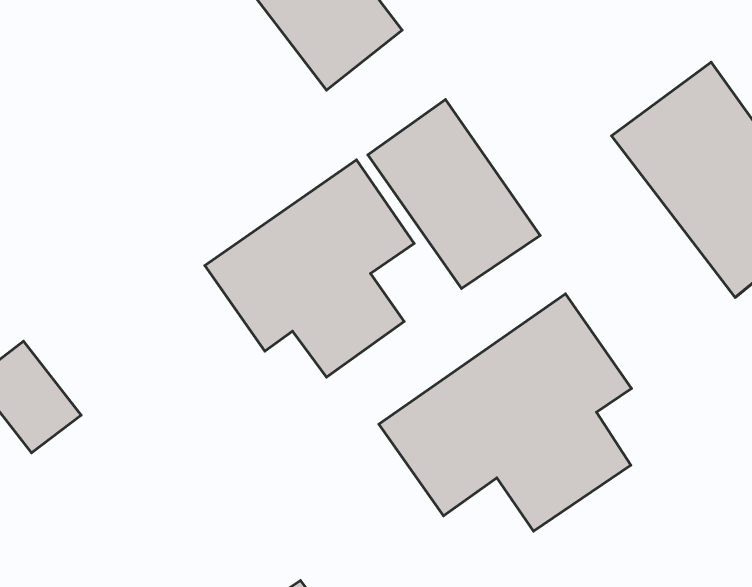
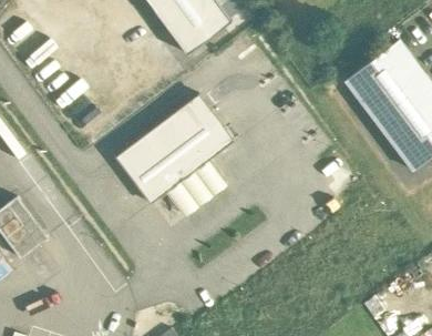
building: [368,99,540,289] -> none
building: [379,294,631,531] -> none

